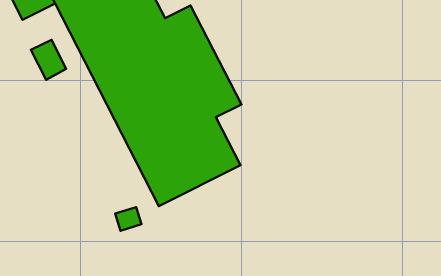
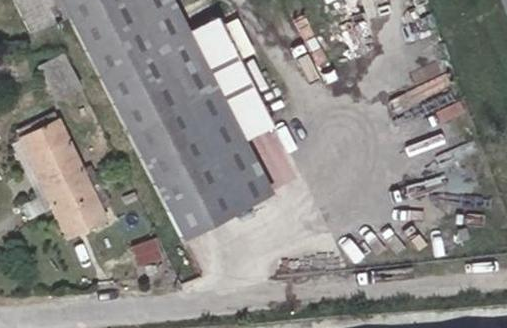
building: none -> [21,112,107,237]

